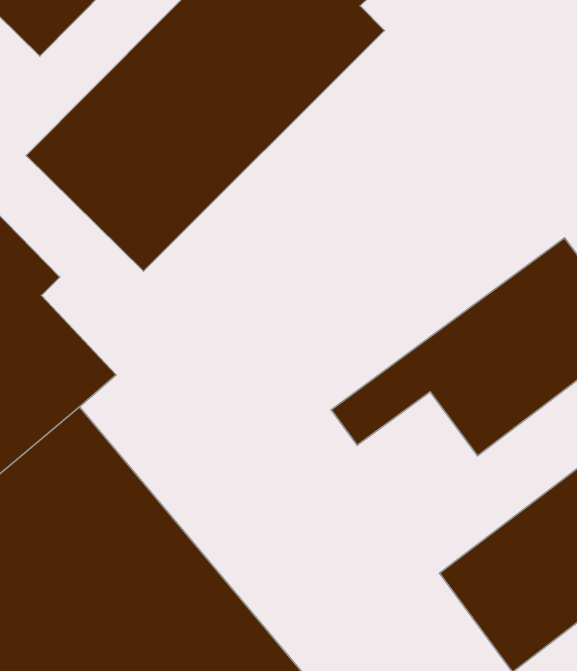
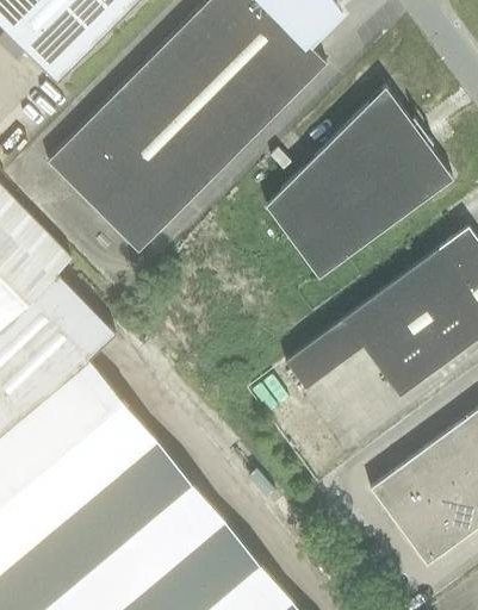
building: none -> [265,87,452,278]

